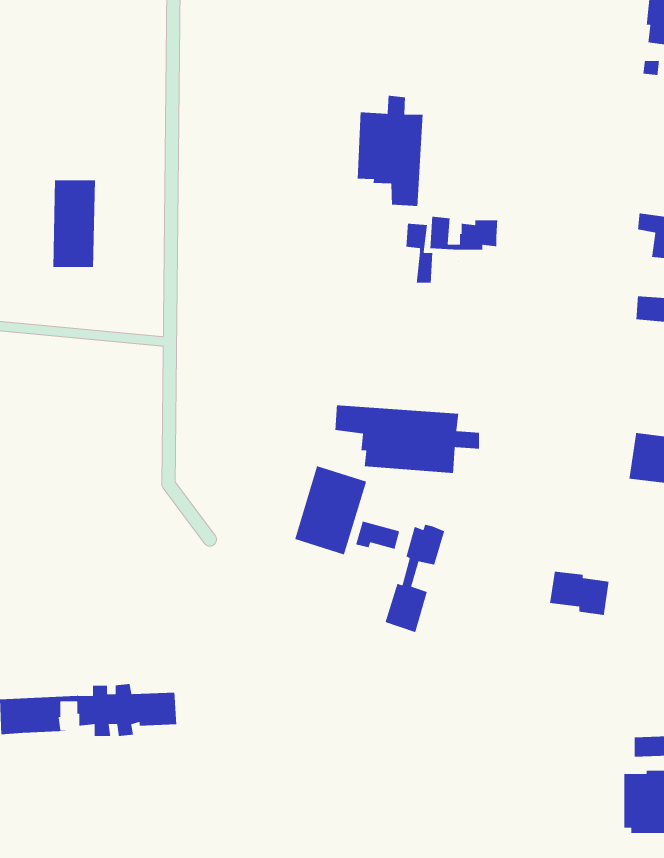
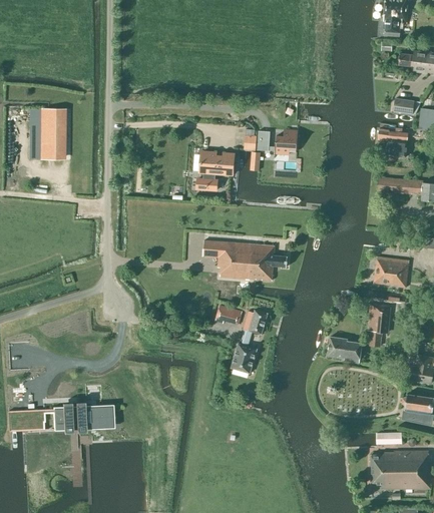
building: [357,95,423,207] -> none
building: none -> [196,151,234,189]
building: [294,465,367,556] -> none
building: none -> [368,304,389,346]

